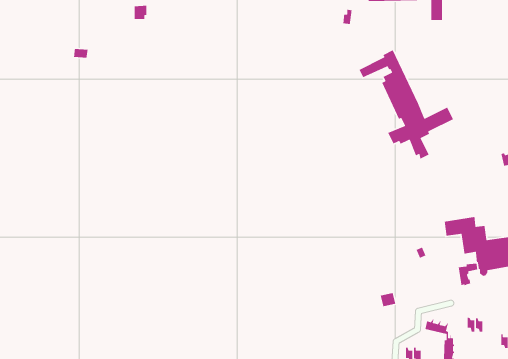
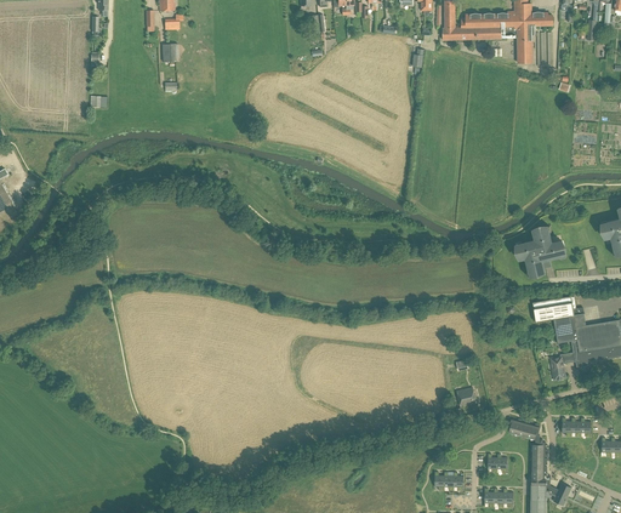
building: [358,49,454,160] -> none
building: none -> [515,226,566,277]

